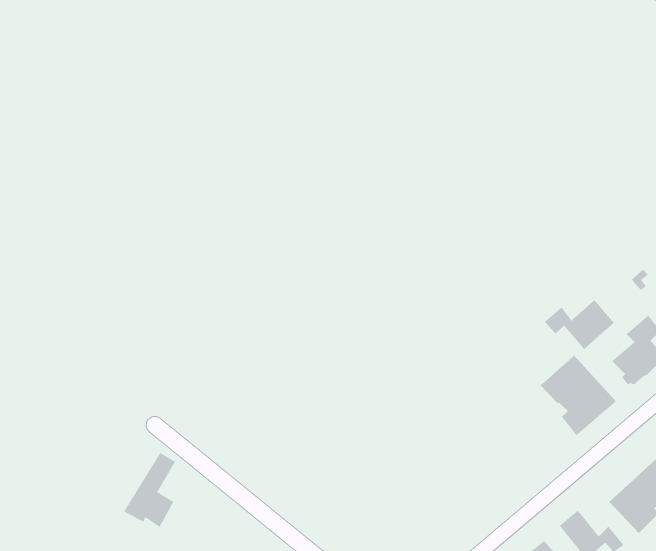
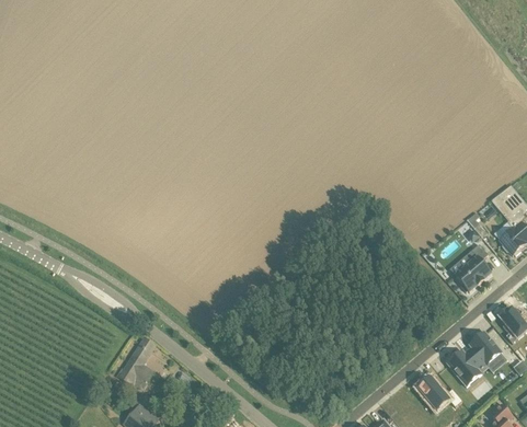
building: [544,300,615,350] -> none
building: [540,355,617,436] -> none

